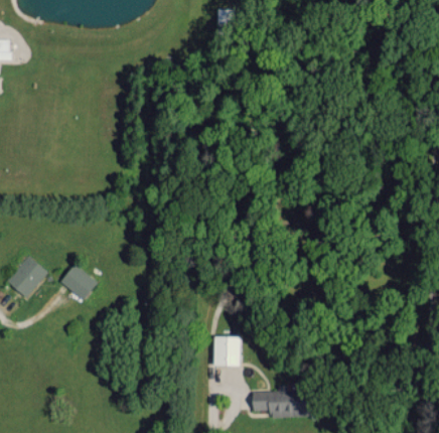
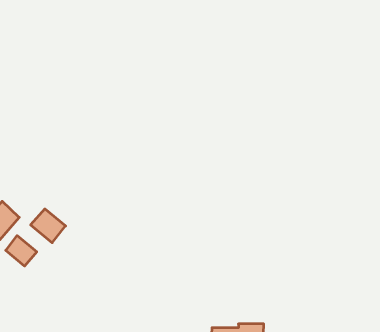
building: none -> [6,236,37,266]
building: [214,336,241,367] -> none

